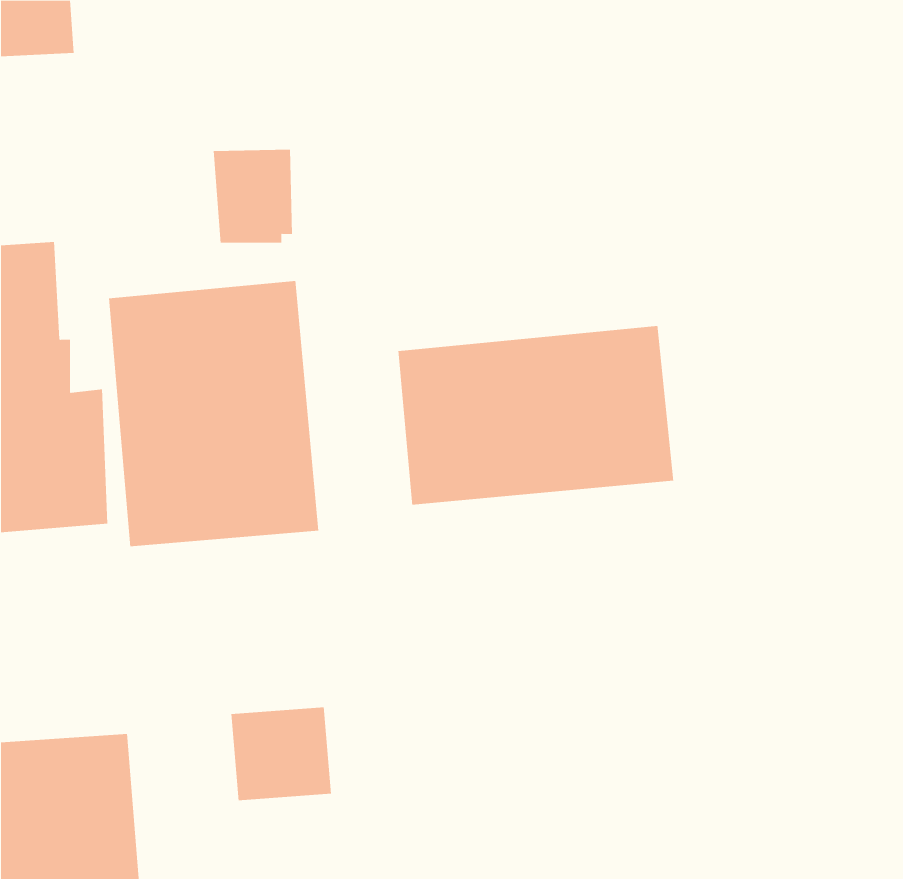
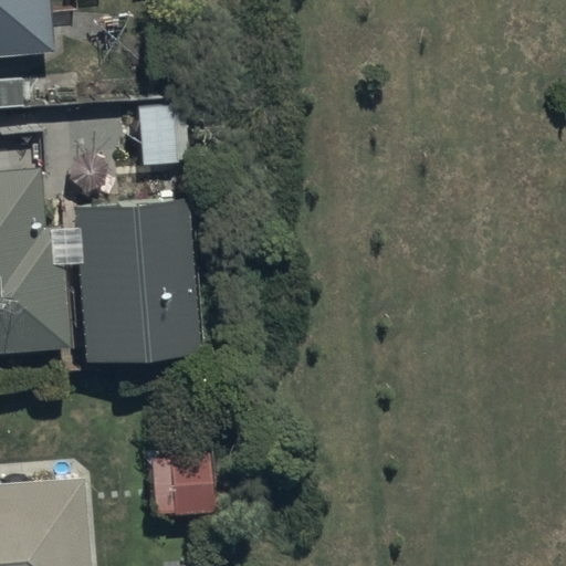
building: [398,325,674,505] -> none

